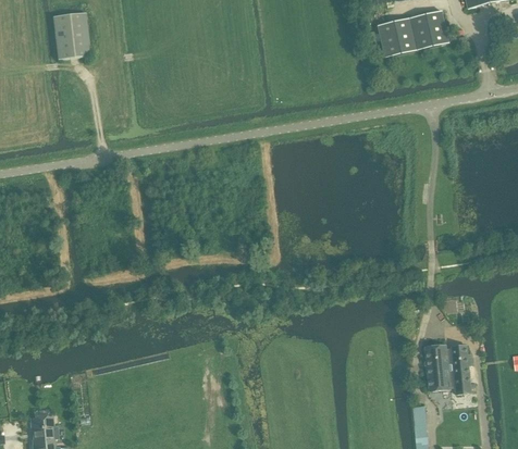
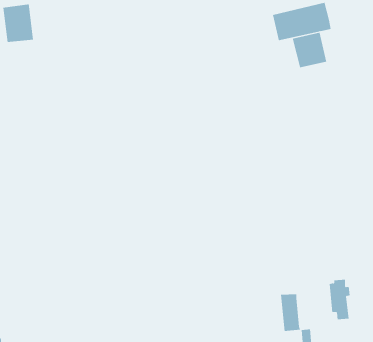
building: none -> [292,32,327,68]
building: [425,344,451,389] -> [280,294,301,331]

